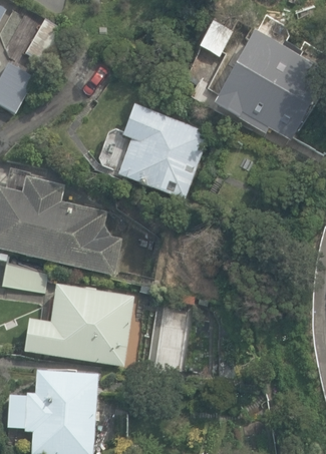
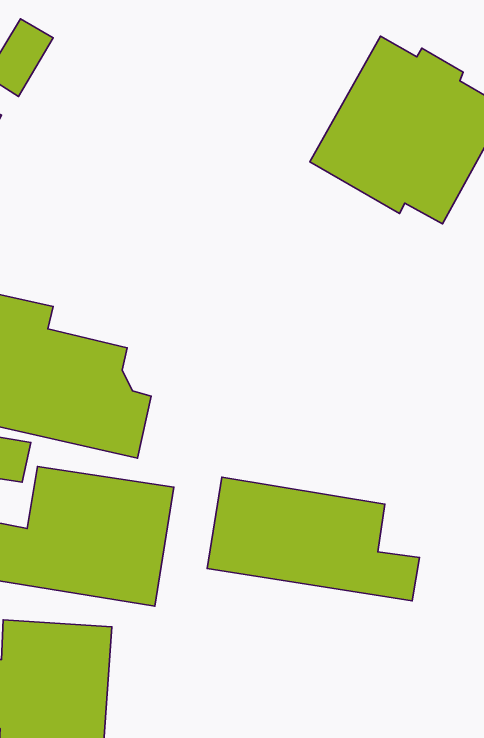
building: [99,106,208,198] -> none
building: none -> [207,477,420,601]

